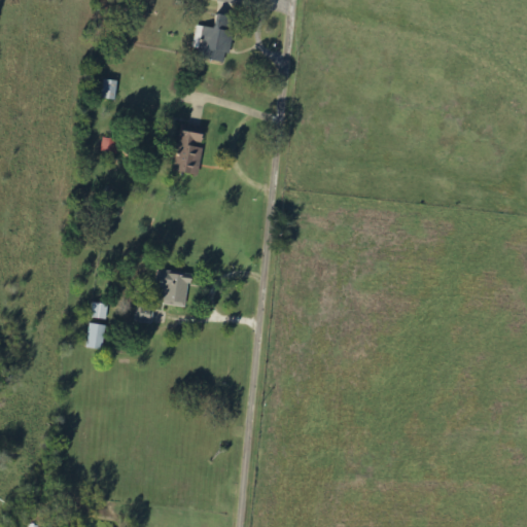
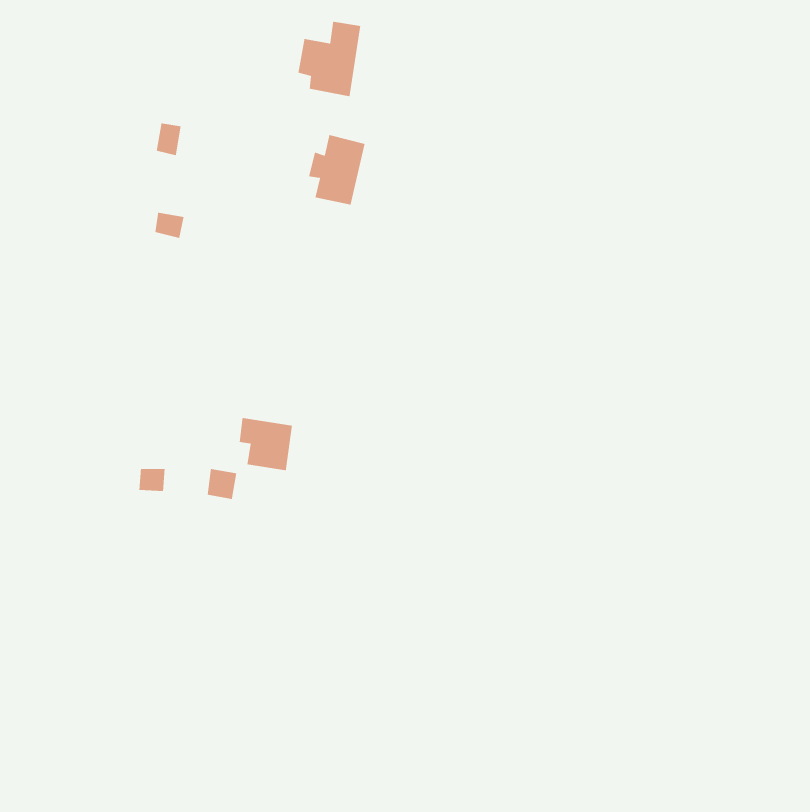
building: [168,130,205,176] -> [308,134,365,206]
building: [85,322,105,349] -> none

